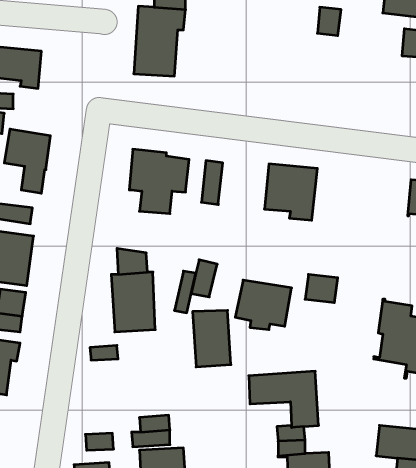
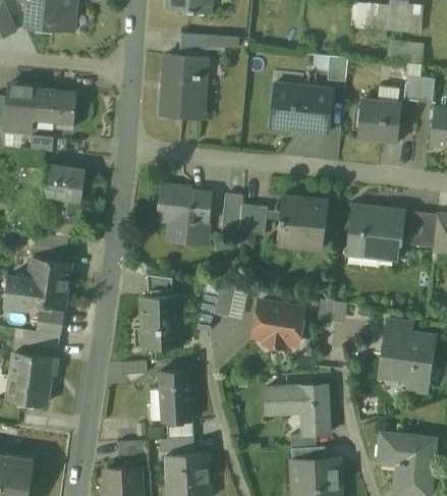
building: none -> [270,86,332,133]
building: none -> [356,101,400,139]
building: none -> [237,204,268,234]
building: none -> [346,204,406,265]
building: [193,310,231,367] -> [158,371,192,422]

